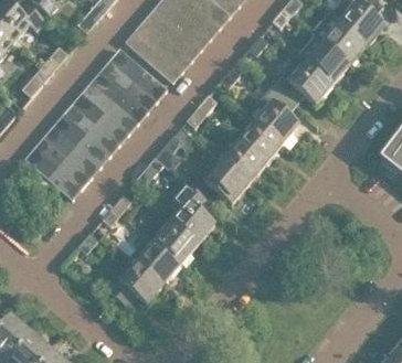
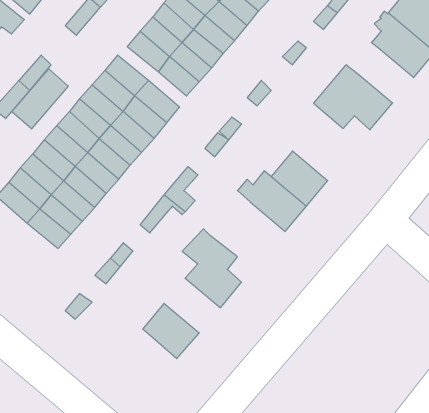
building: [307,42,351,85] -> none
building: none -> [12,69,68,129]
building: [246,85,300,146] -> none
building: [192,162,251,205] -> none
building: [156,222,200,265] -> none
building: [109,261,166,306] -> none

